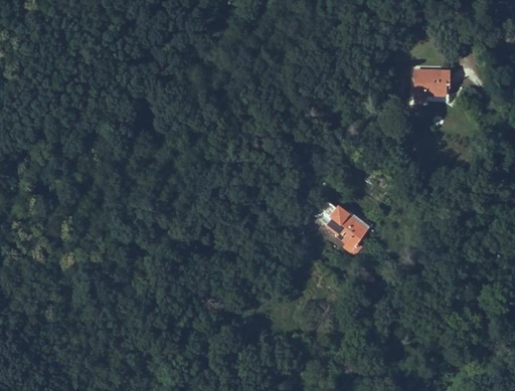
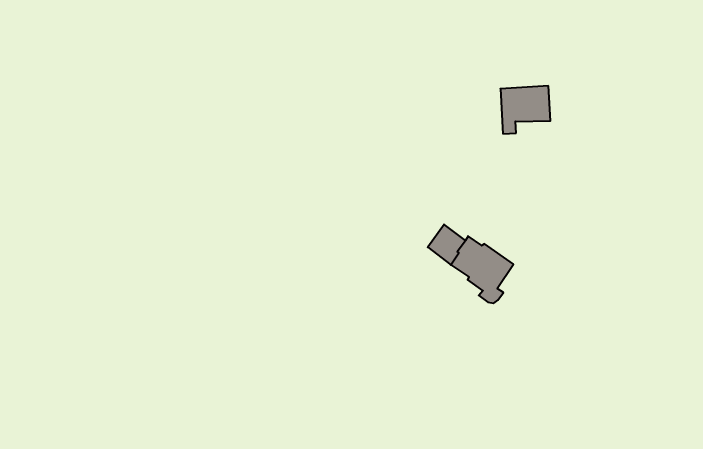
building: [416,71,450,103] -> [500,86,550,134]

